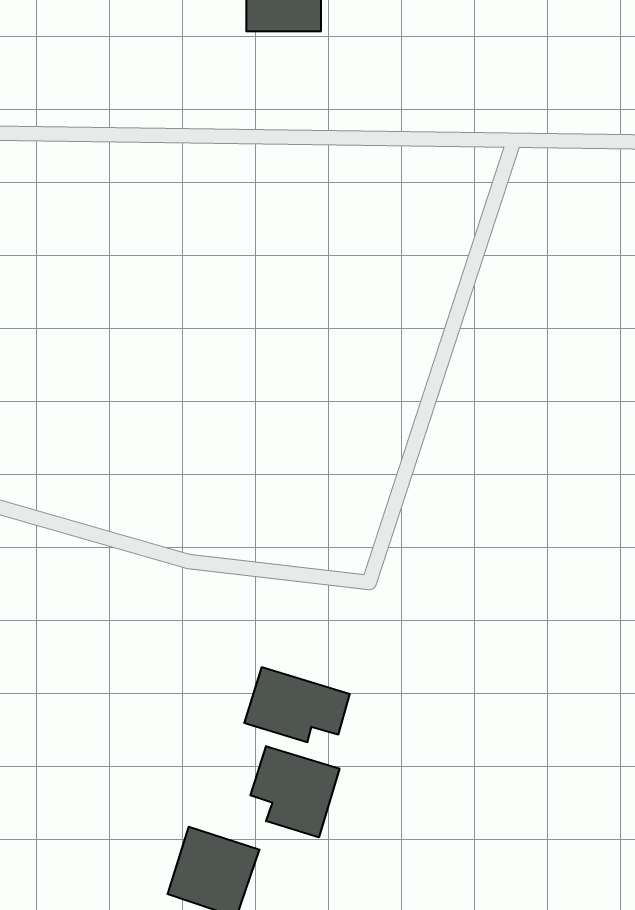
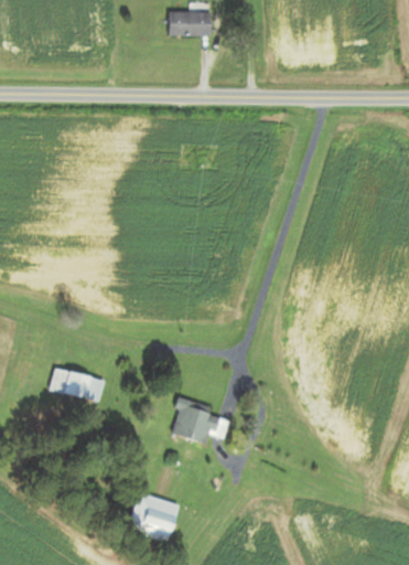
building: none -> [45,365,103,402]
building: [250,746,339,837] -> none

